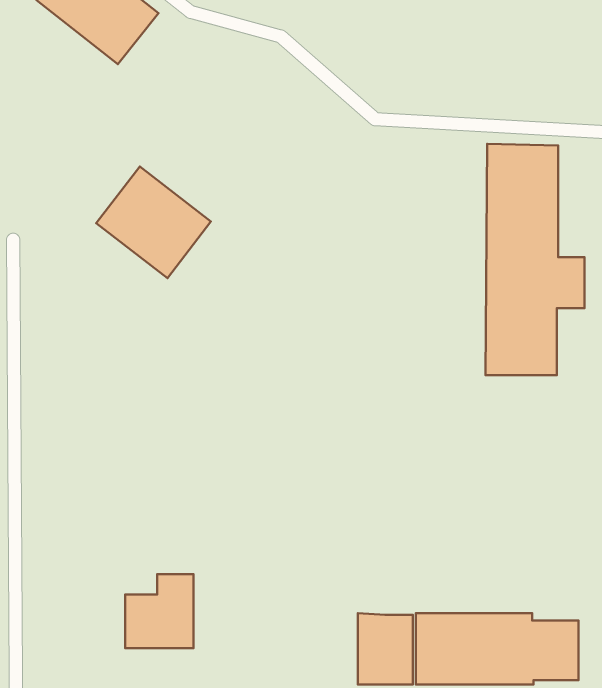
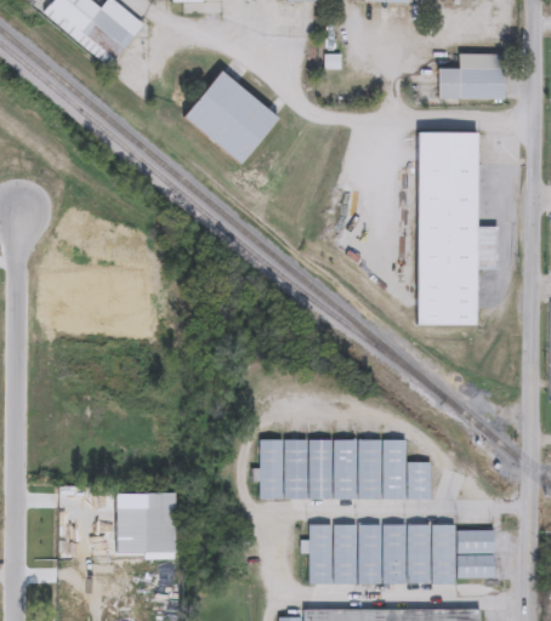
building: none -> [441,53,506,99]
building: [96,166,211,278] -> [183,70,279,164]
building: none -> [261,439,431,498]

